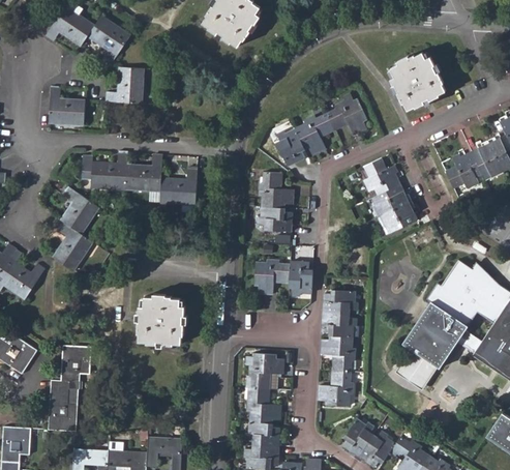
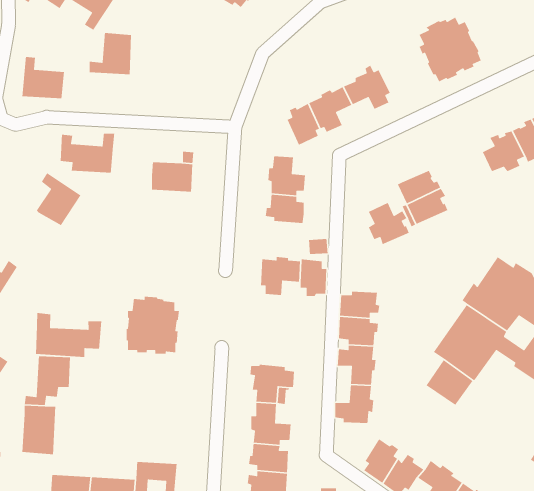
building: [126,155,162,190] -> none
building: [364,158,400,196] -> [368,202,410,245]
building: [54,223,94,271] -> none
building: none -> [35,312,102,358]

